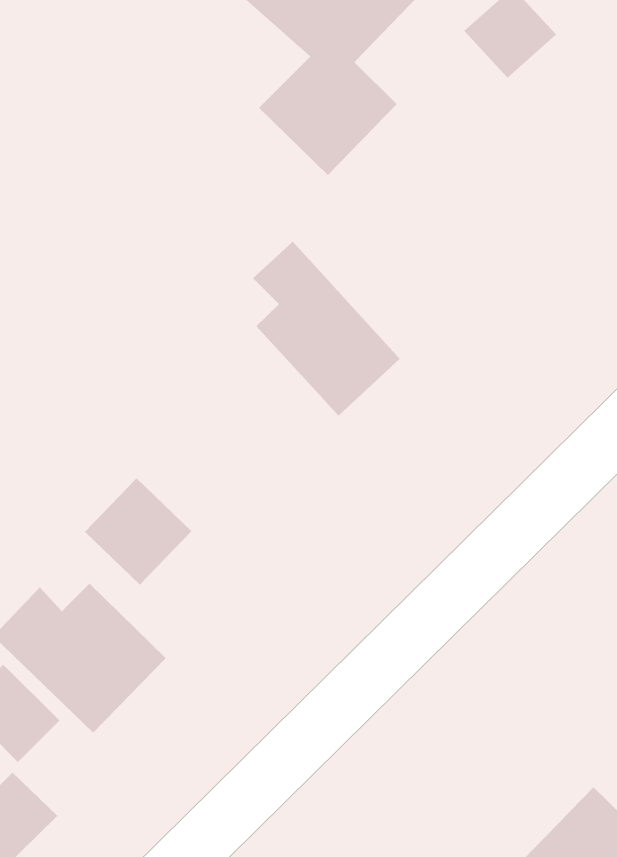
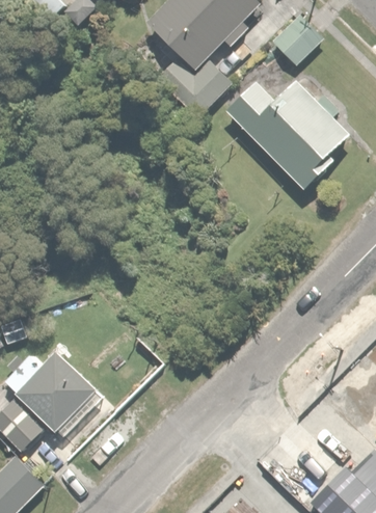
building: none -> [226,77,352,192]
building: [252,241,401,416] -> none
building: [84,477,192,586] -> none

